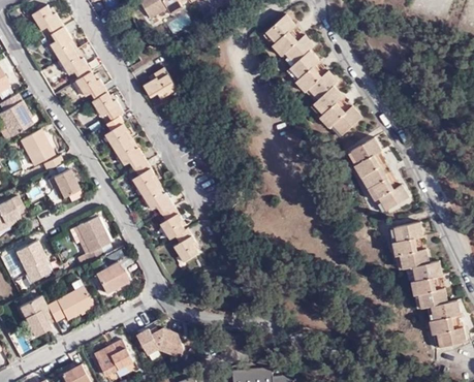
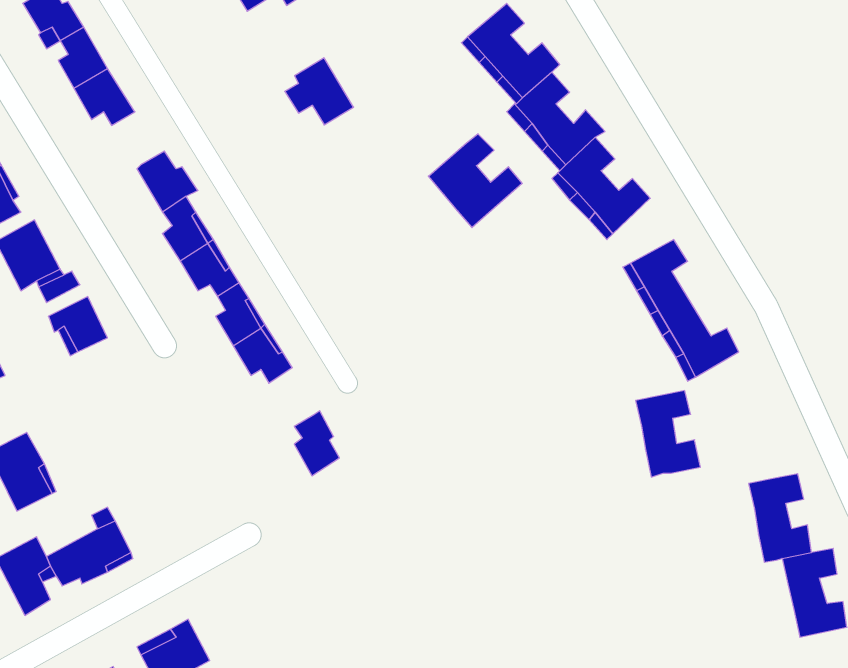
building: [144,68,180,103] -> [285,58,354,125]
building: [76,71,107,99] -> none
building: none -> [428,134,522,228]
building: [161,205,186,240] -> none
building: [74,216,107,262] -> none
building: [396,223,430,268] -> [636,391,700,477]
building: [93,260,126,292] -> none
building: [135,327,182,356] -> none

